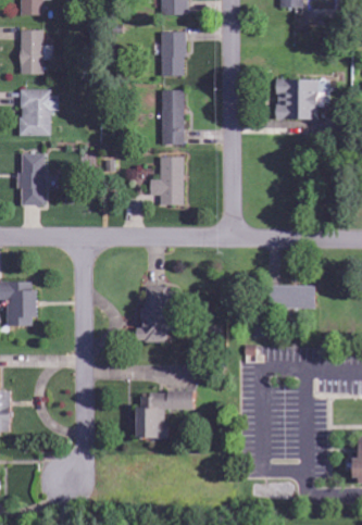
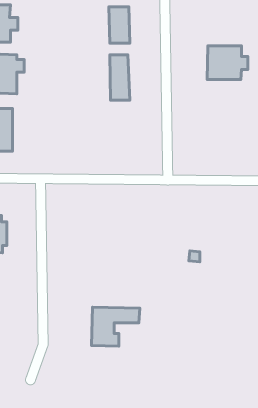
building: [149,155,184,204] -> none
building: [276,284,314,308] -> none
building: [137,286,179,341] -> none

